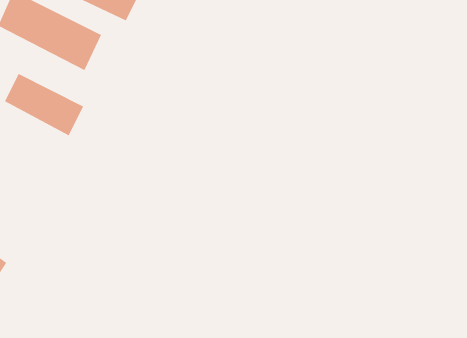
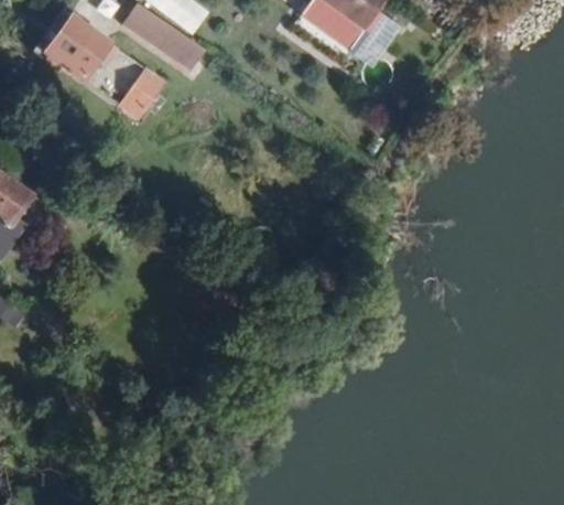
building: [4,73,84,136] -> none

